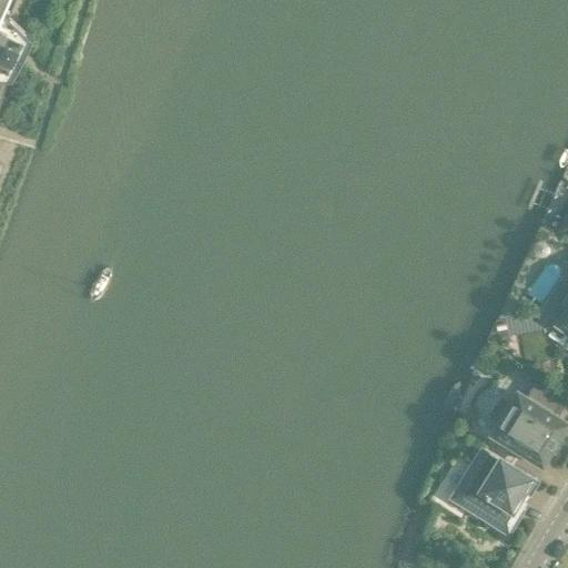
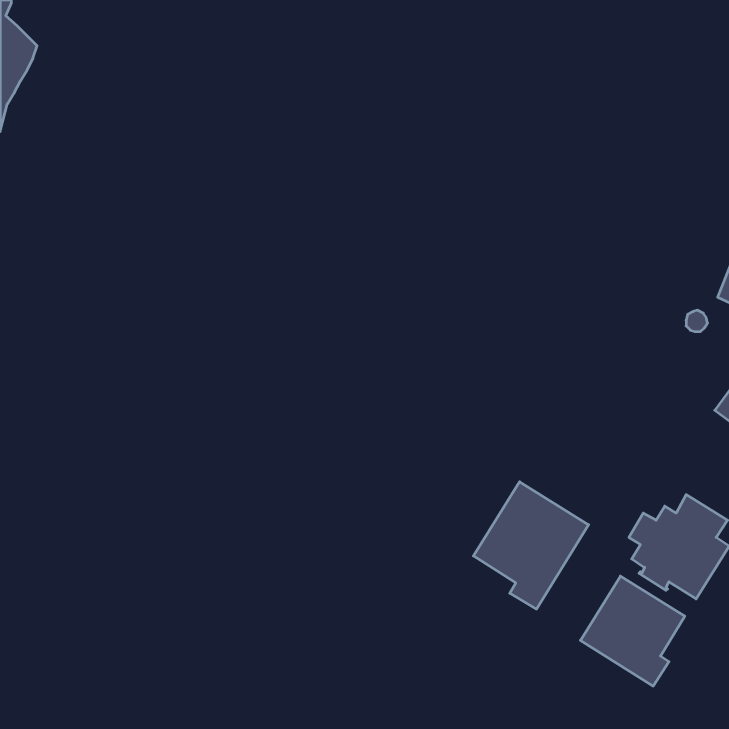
building: none -> [473,482,589,609]

